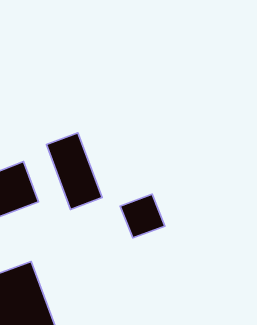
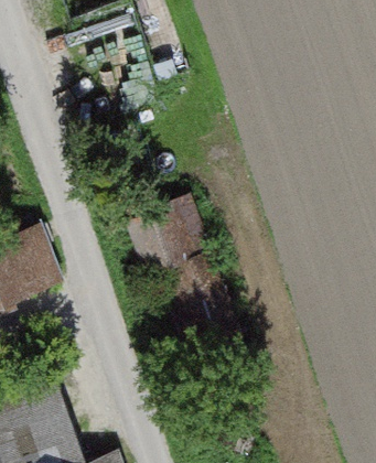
building: [47,133,102,210] -> none

